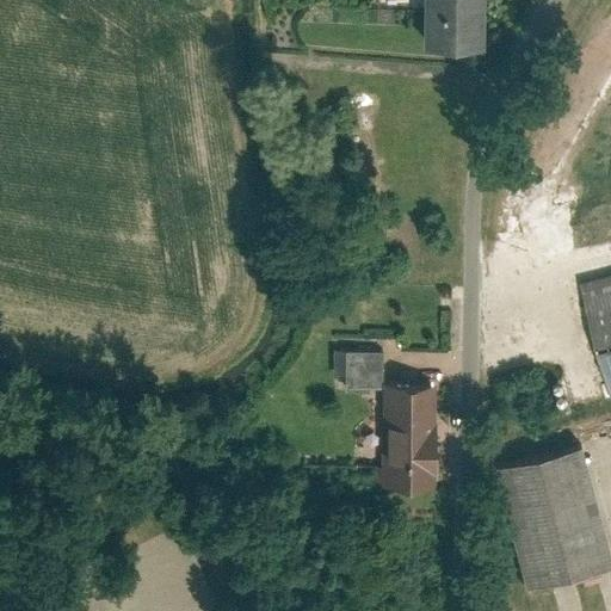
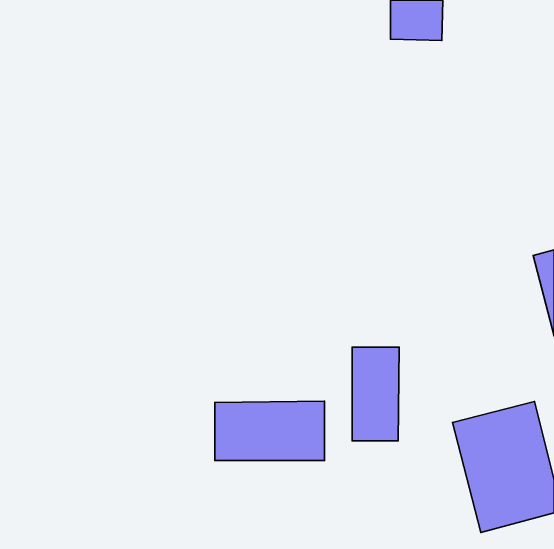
building: [338,357,382,393] -> none
building: none -> [215,401,325,461]

